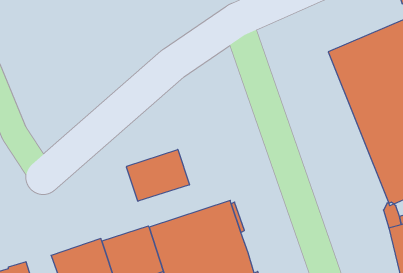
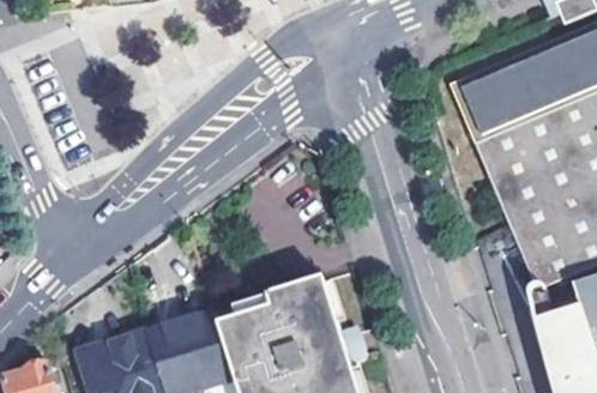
building: [126,149,189,201] -> none

